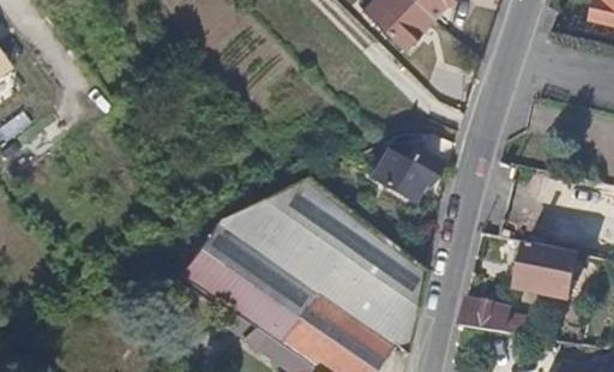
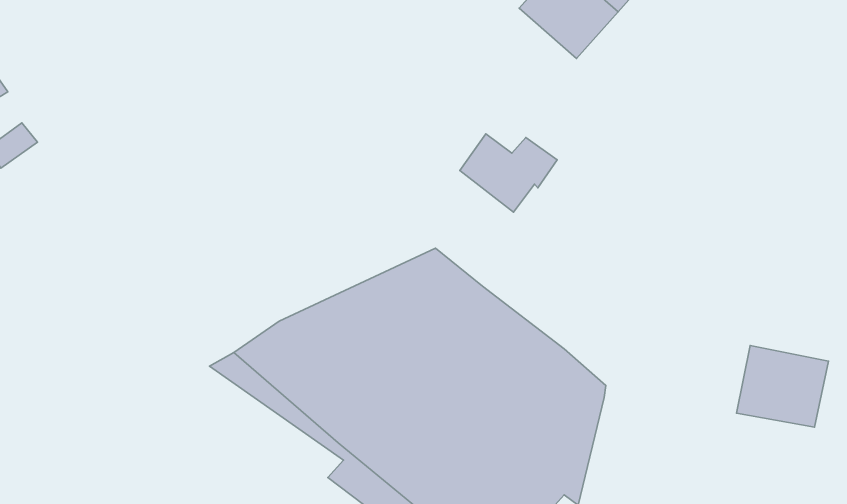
building: [374,144,441,198] -> [460,134,557,212]
building: [463,299,526,336] -> none

